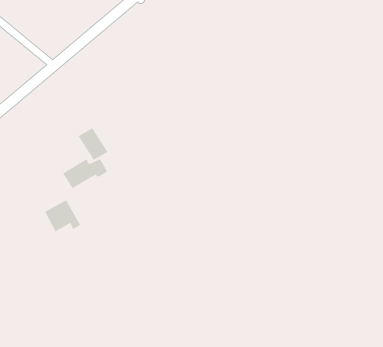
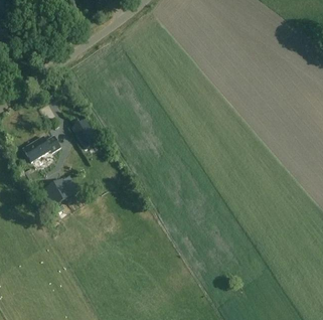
building: [62,158,108,189] -> [23,136,60,161]

